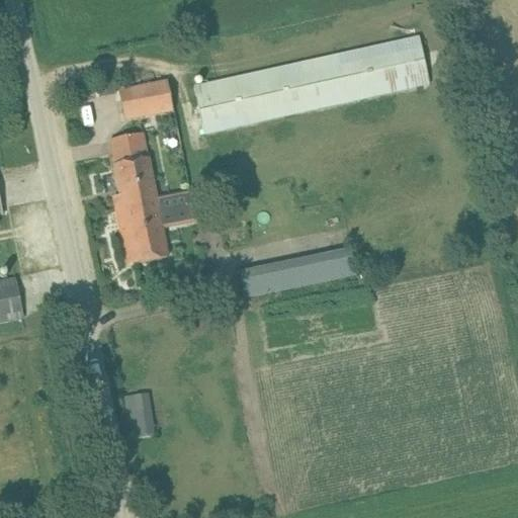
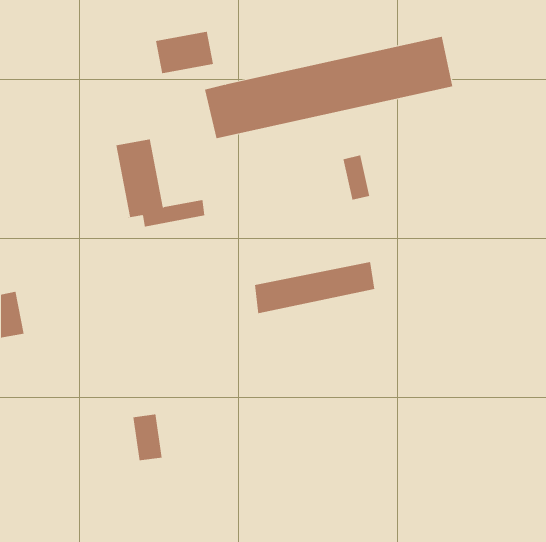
building: [117,79,173,119] -> [155,31,214,74]
building: none -> [343,155,370,201]
building: [116,204,197,262] -> none

